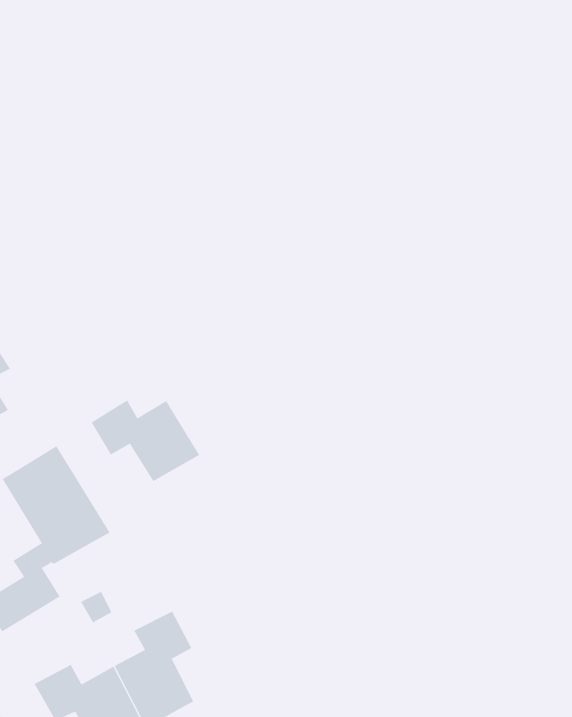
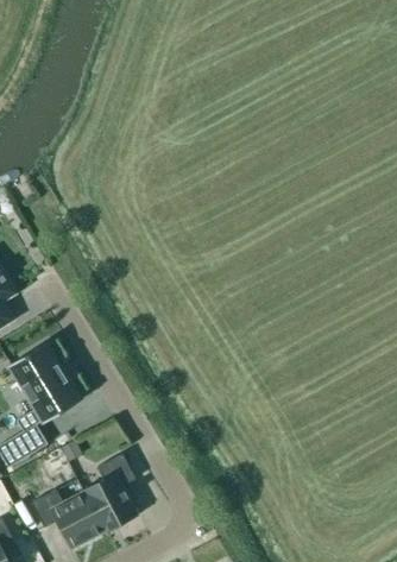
building: [91,400,200,482] -> none

